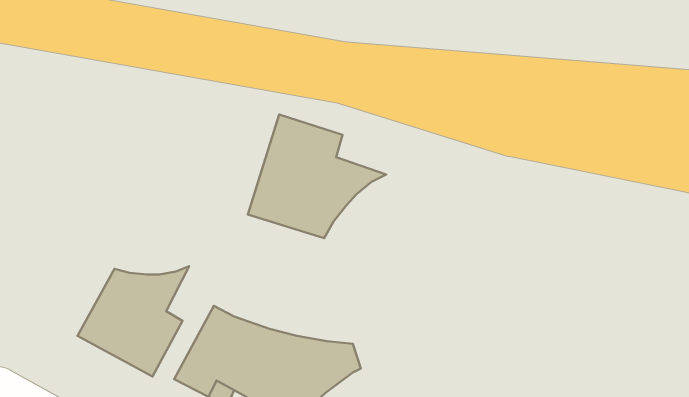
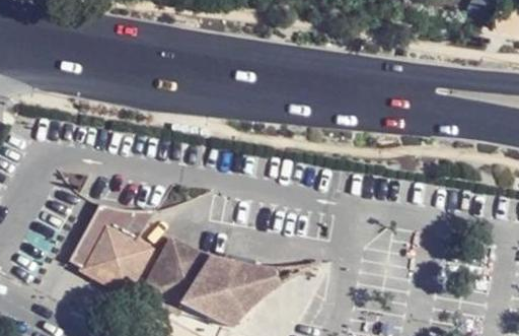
building: [248,115,386,238] -> none

